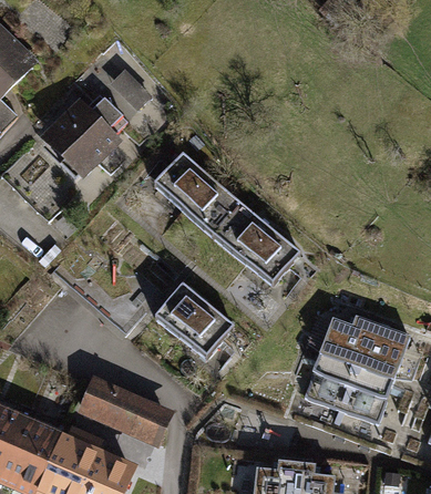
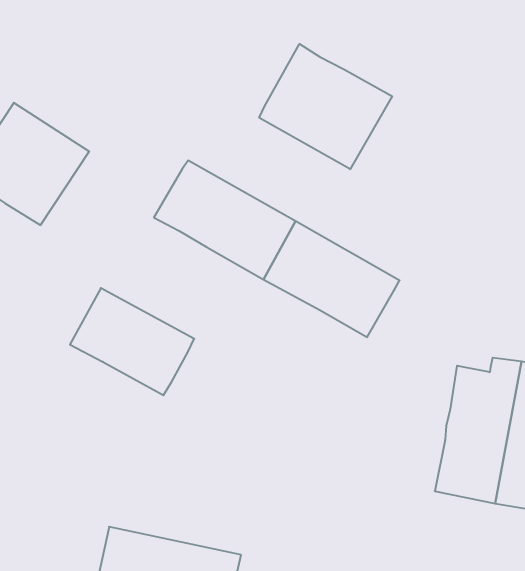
building: none -> [259,44,392,169]
building: [160,288,238,362] -> [70,288,194,395]

